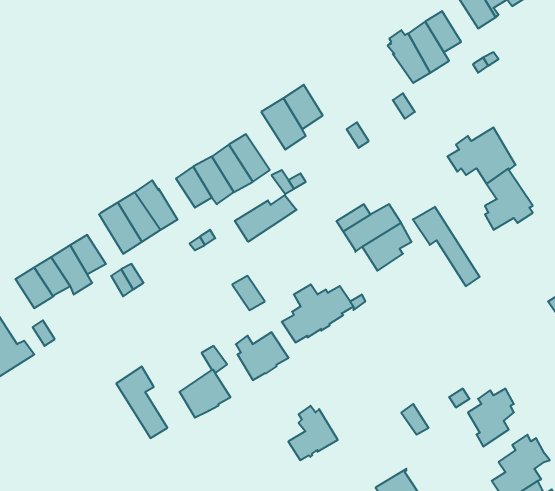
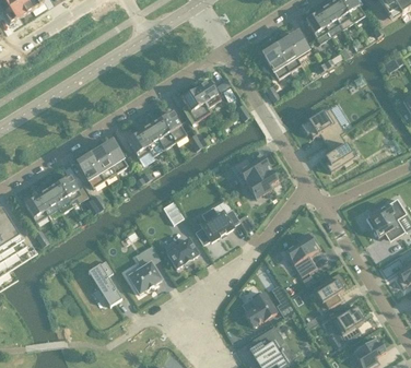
building: [235,195,297,242] -> none
building: [413,207,480,286] -> none
building: none -> [284,232,320,275]
building: [288,406,338,460] -> [244,289,275,324]

